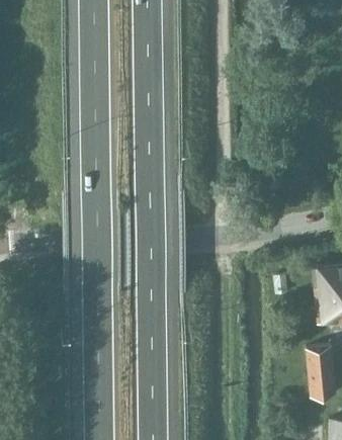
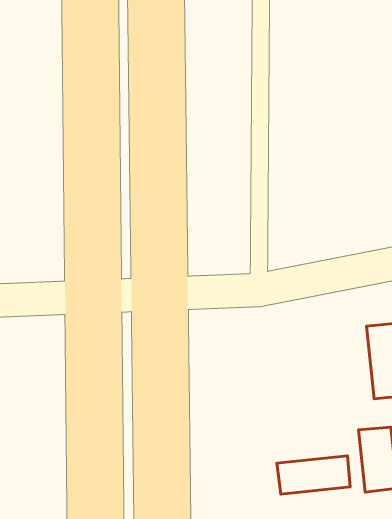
building: none -> [277,456,350,494]

